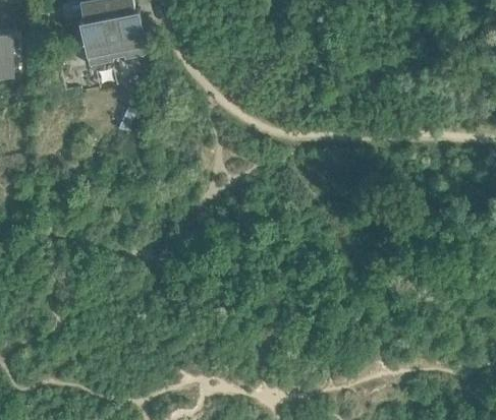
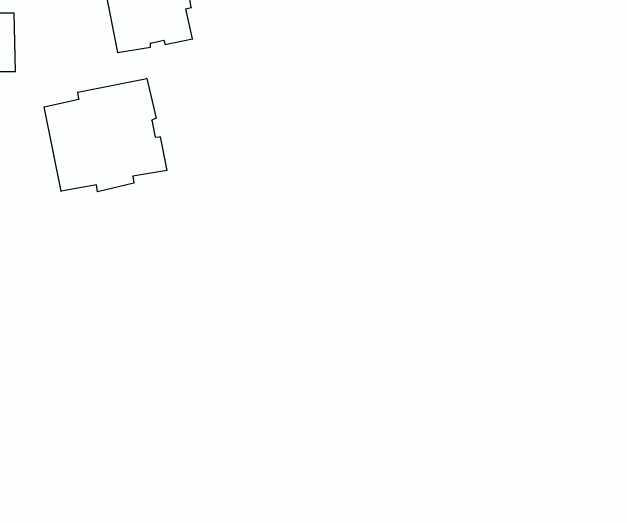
building: none -> [44,78,167,192]

